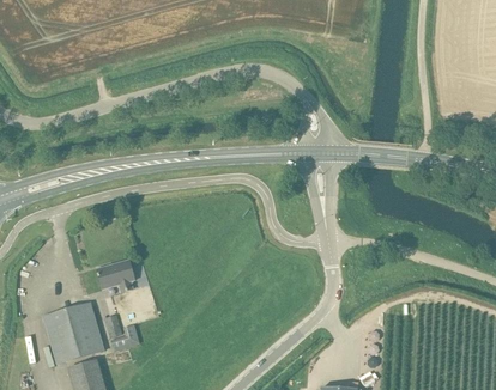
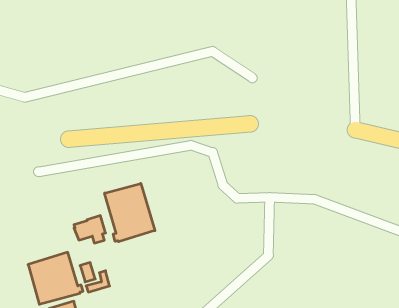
building: none -> [105,183,155,242]

